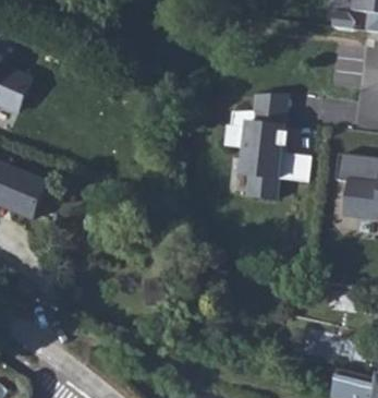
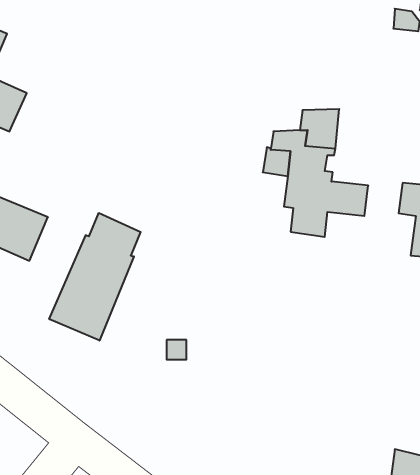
building: none -> [49,213,141,341]

